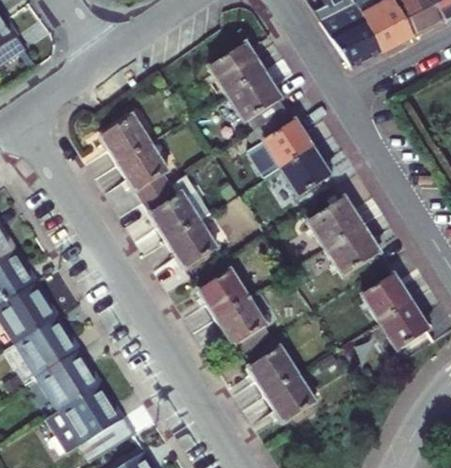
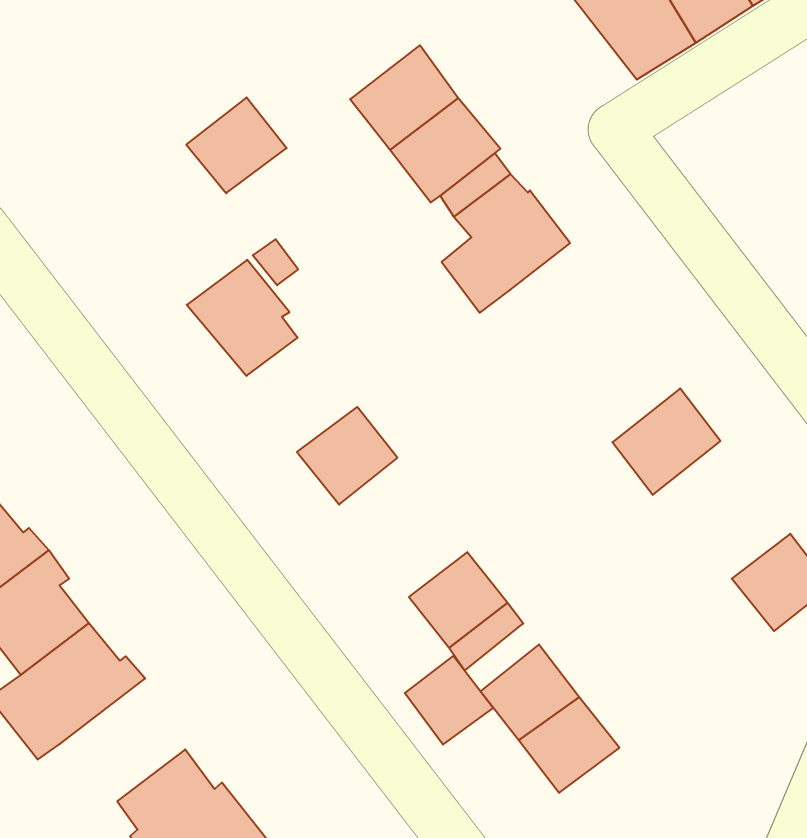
building: [99,114,149,161] -> [186,97,287,193]
building: [279,146,329,195] -> none
building: [143,172,211,239] -> none
building: [306,196,360,247] -> none
building: [198,268,247,316] -> none
building: [360,273,409,320] -> none
building: [36,346,98,406] -> none
building: none -> [405,656,493,745]

